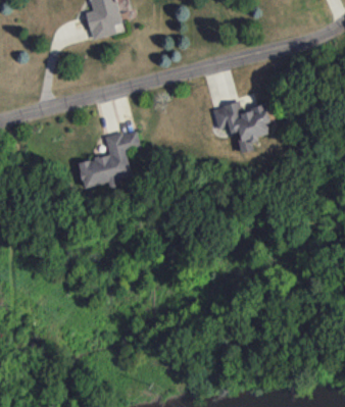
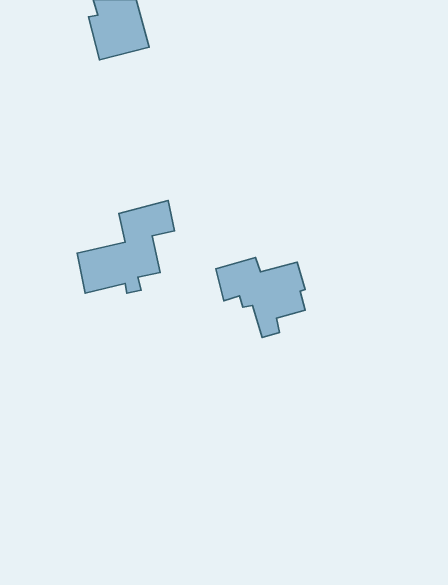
building: [212,101,269,152] -> [216,258,305,337]

